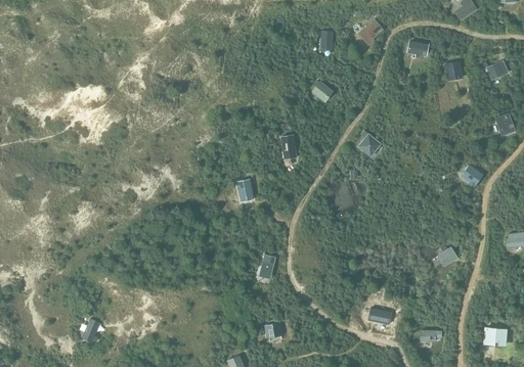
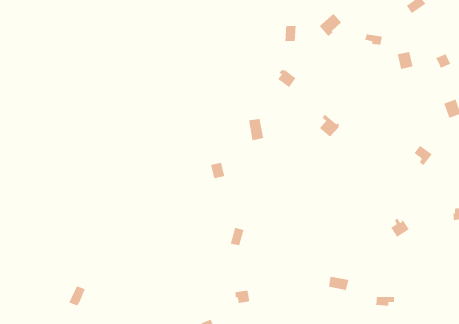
building: [483,326,508,346] -> none

